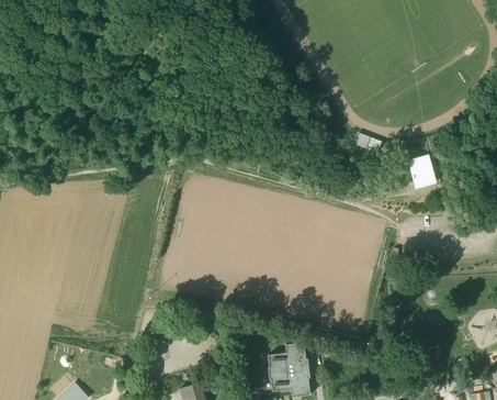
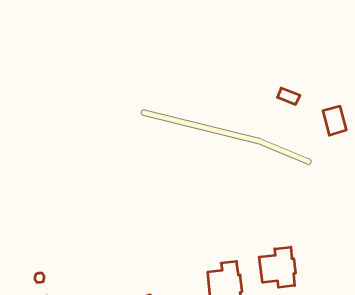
building: none -> [259,247,295,287]

